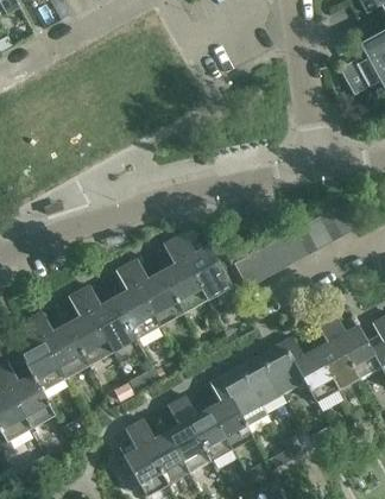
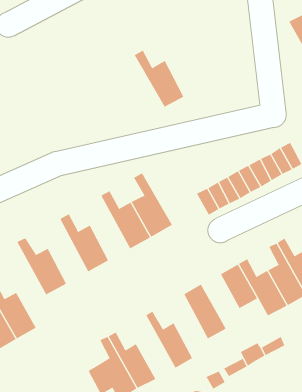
building: [173,232,231,297] -> [134,50,184,107]
building: [114,264,159,337] -> none
building: [67,290,112,364] -> none
building: [18,316,64,413] -> none
building: [240,353,283,404] -> none
building: [209,375,253,448] -> none
building: [166,399,210,472] -> none

